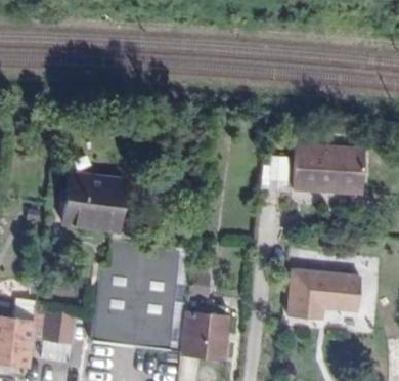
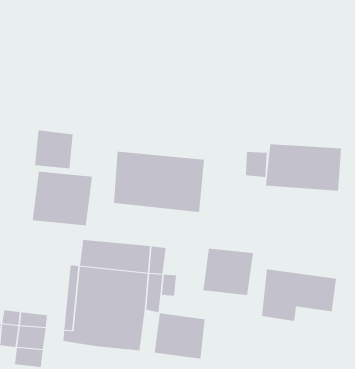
building: none -> [35,130,73,169]
building: none -> [113,151,204,213]
building: none -> [203,248,253,296]

